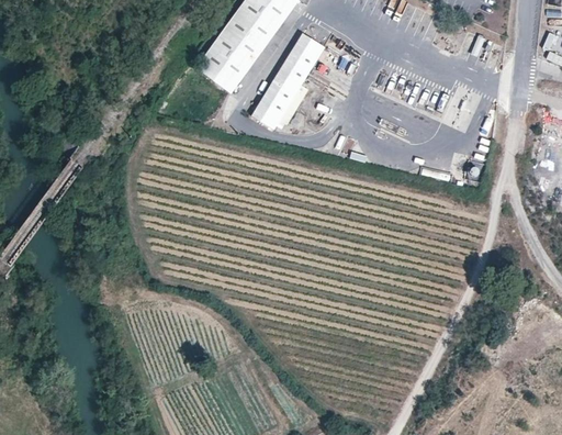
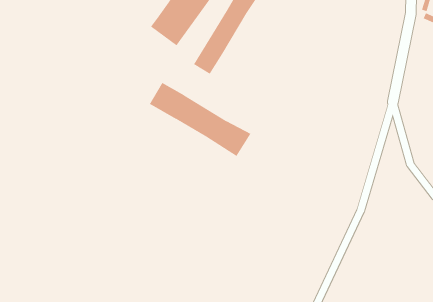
building: none -> [149,82,251,157]

